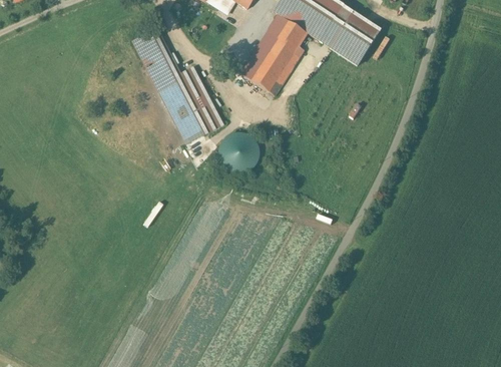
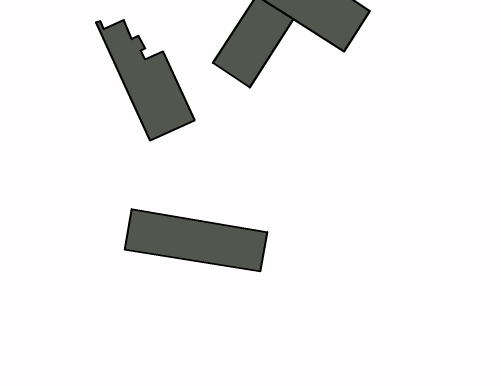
building: [217,131,259,172] -> none
building: none -> [125,209,267,271]

